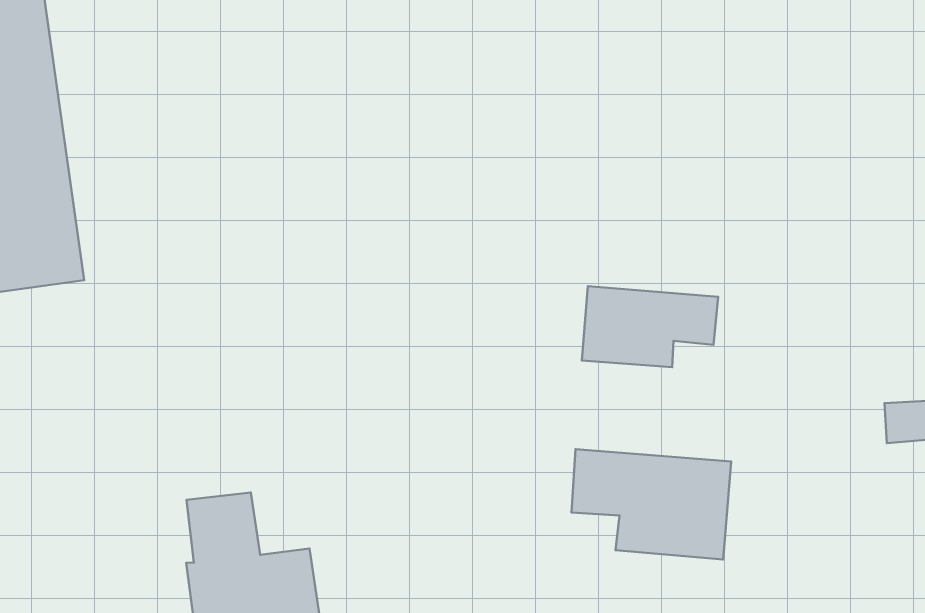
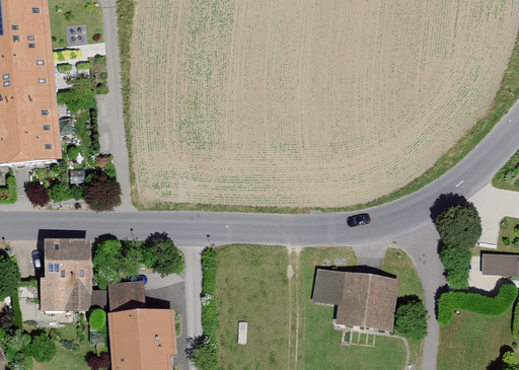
building: [582,286,718,367] -> none
building: none -> [39,241,107,309]

